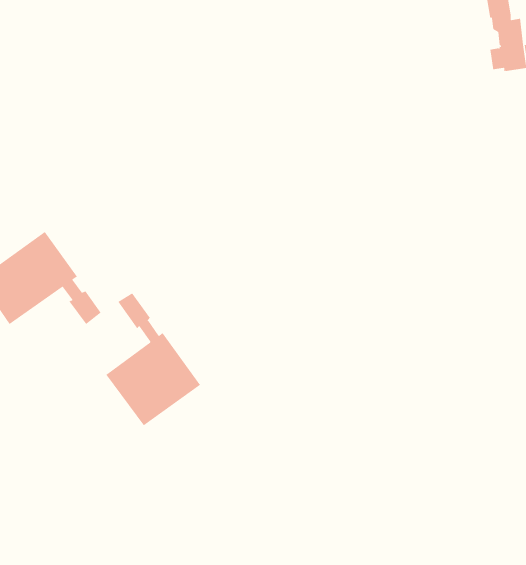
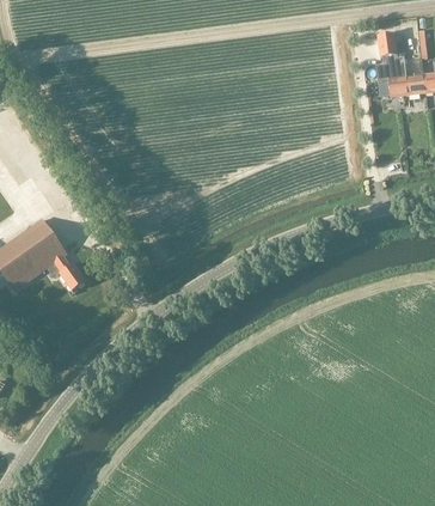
building: [106,293,201,426] -> none

